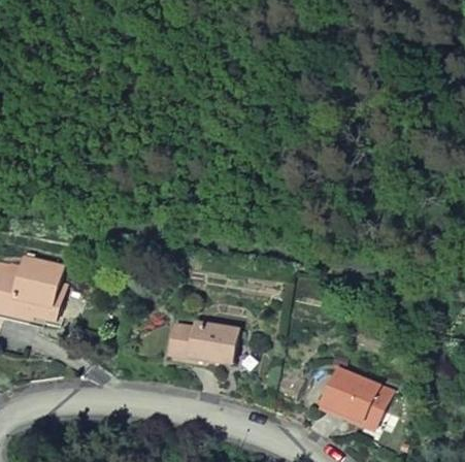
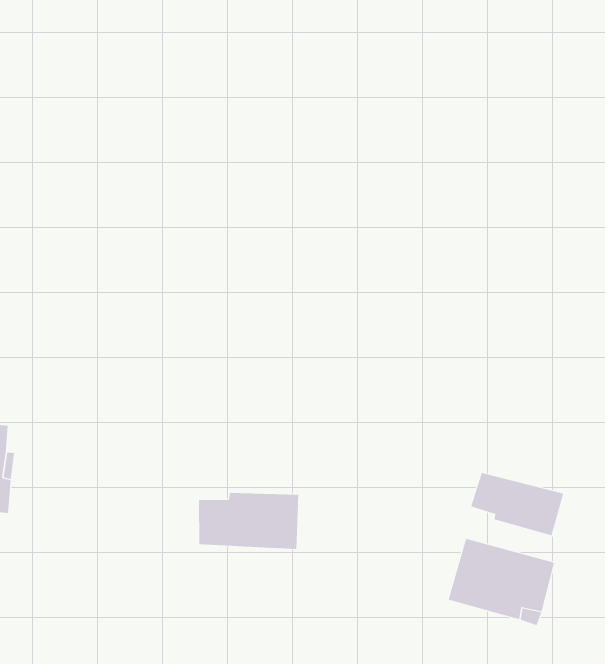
building: none -> [470,472,564,536]

